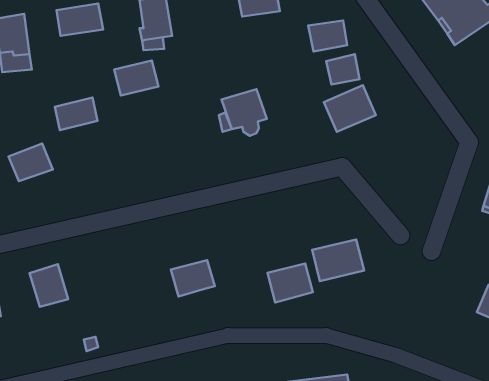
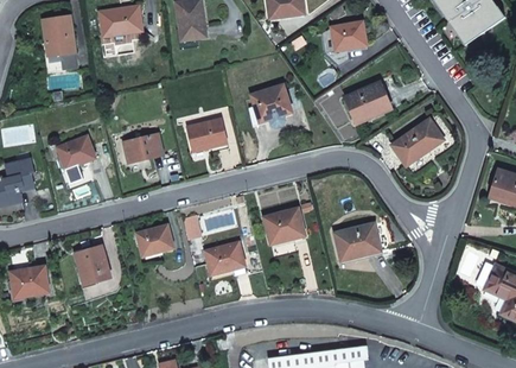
building: [326,54,359,84] -> none
building: [114,61,158,96] -> [186,119,227,151]
building: [55,98,98,130] -> [123,133,163,163]
building: none -> [391,119,442,164]
building: none -> [136,224,173,255]
building: [268,264,313,303] -> [263,208,305,243]

